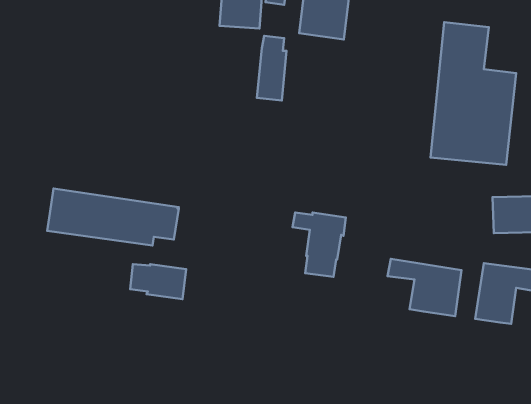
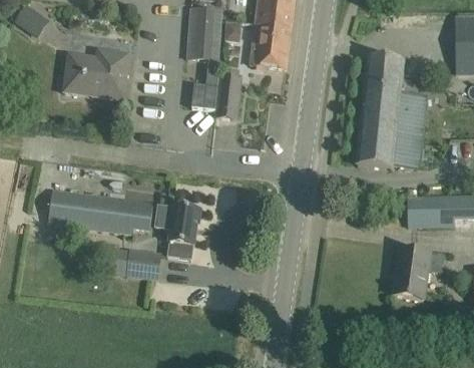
building: none -> [63,48,129,98]
building: none -> [191,59,219,108]
building: [293,212,346,277] -> [157,206,200,258]
building: [387,259,462,316] -> none

